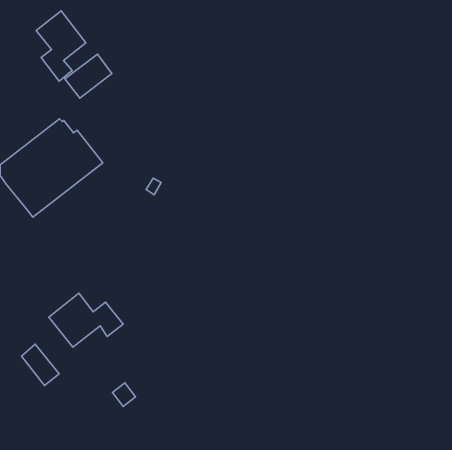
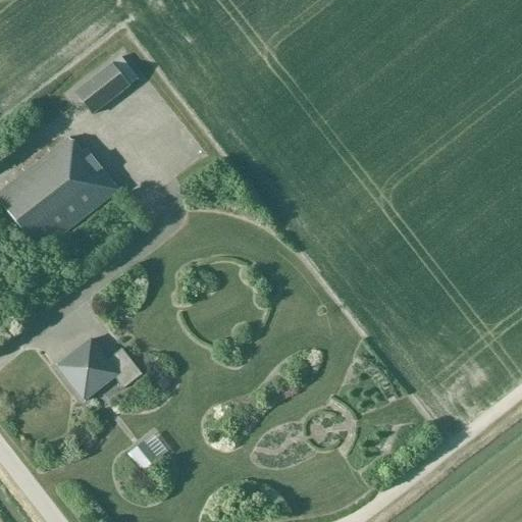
building: [36,11,86,81] -> none
building: [21,344,59,385] -> none

